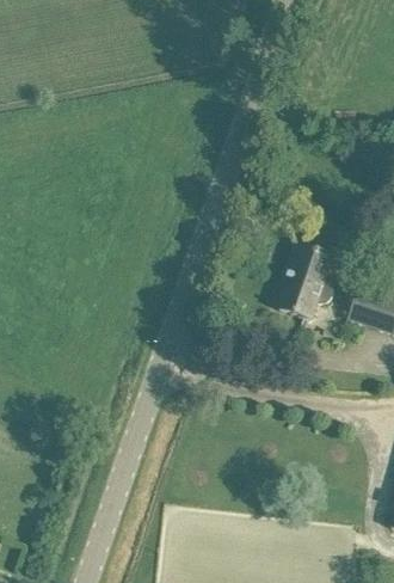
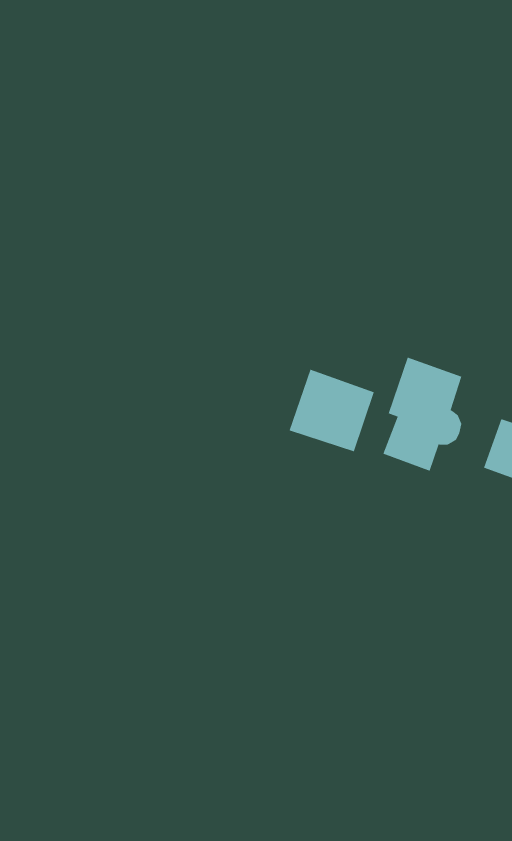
building: none -> [289,369,374,452]

